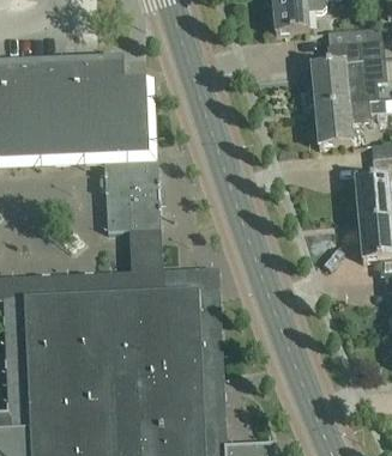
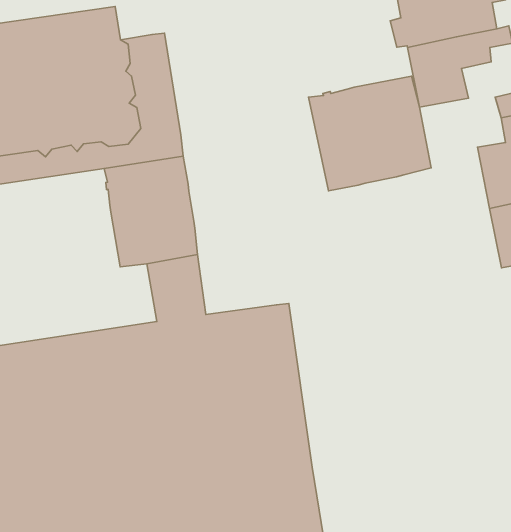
building: none -> [308,76,431,191]

